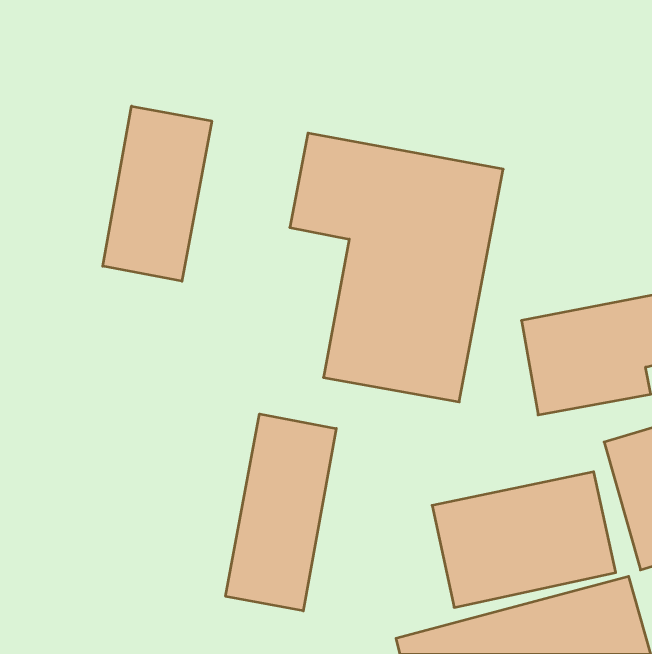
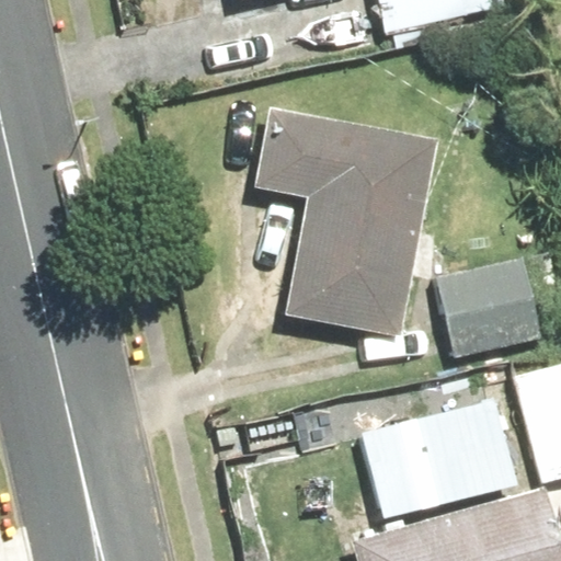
building: [103,106,212,281] -> none
building: [226,414,336,611] -> none

